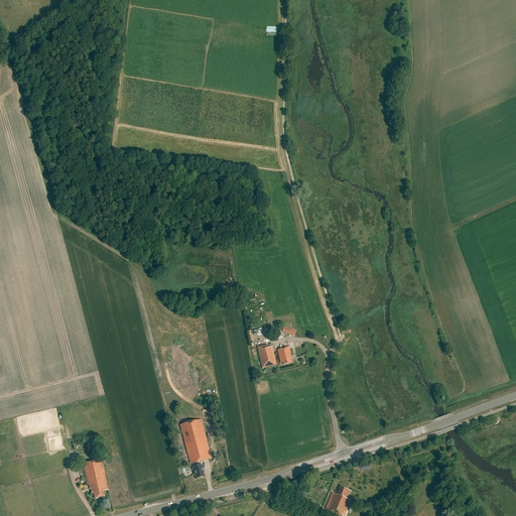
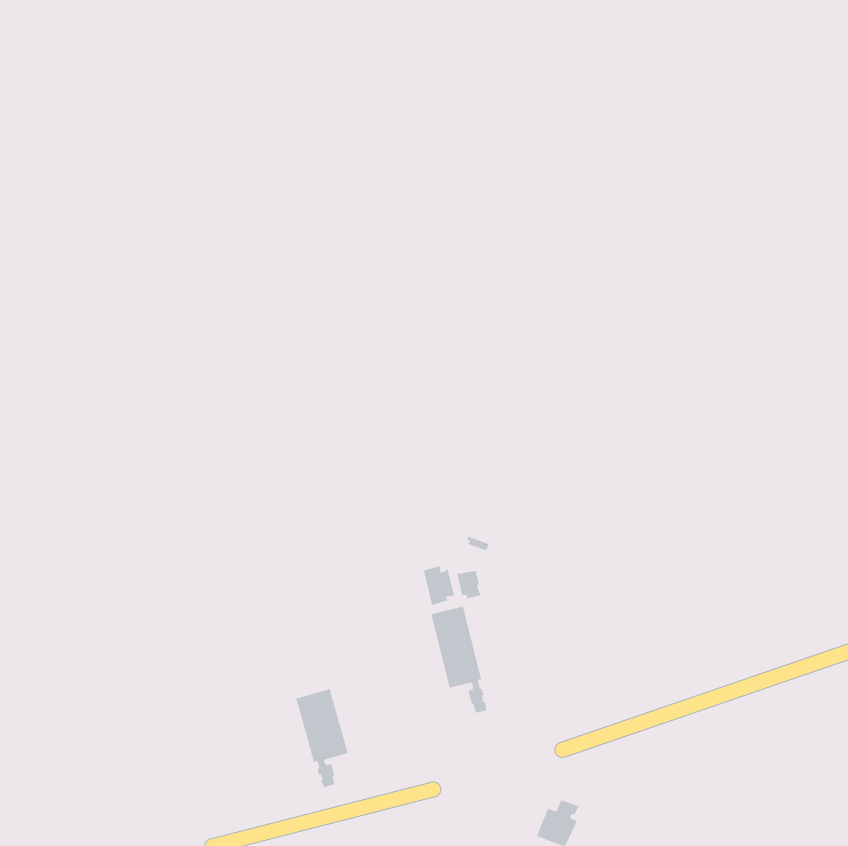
building: none -> [431,606,487,713]
building: [83,459,109,498] -> none

